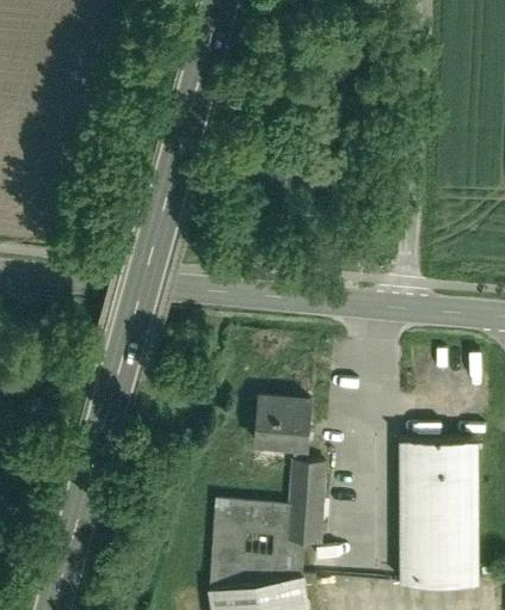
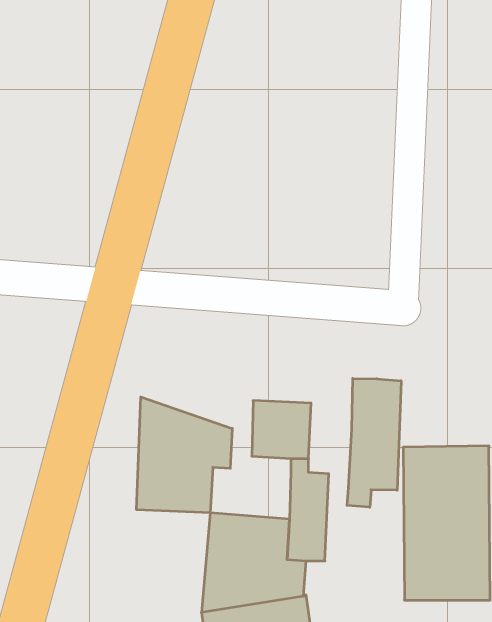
building: none -> [347,378,401,507]
building: none -> [137,397,232,513]

